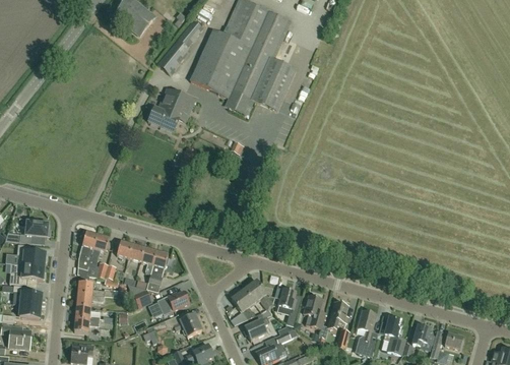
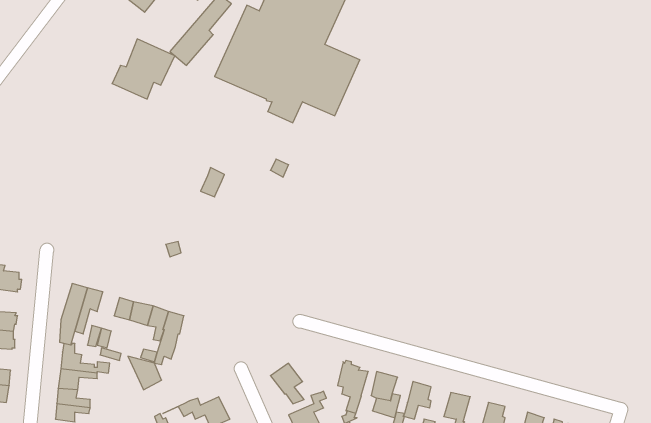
building: [148,87,194,131] -> [112,39,175,99]
building: [244,280,274,310] -> none
building: [156,290,189,313] -> none

